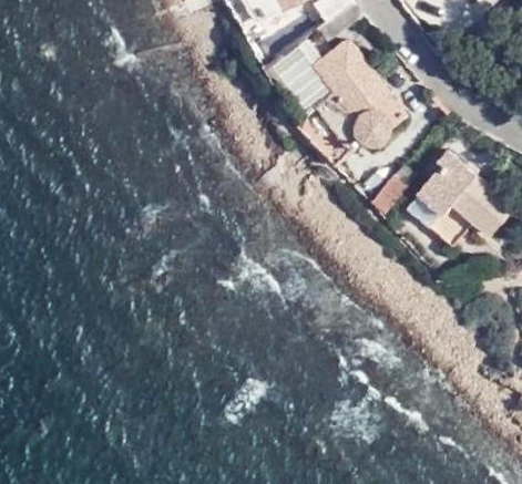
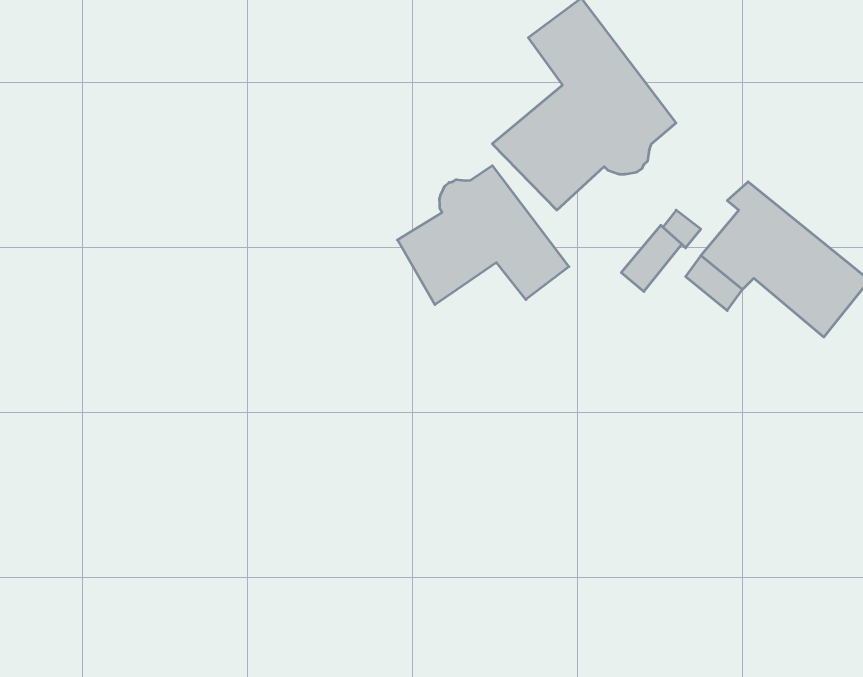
building: none -> [397,166,569,305]

